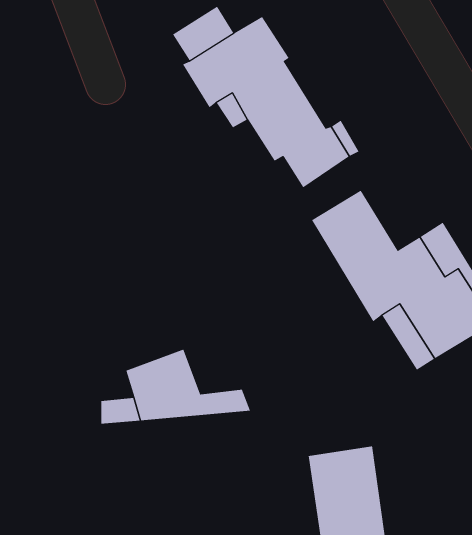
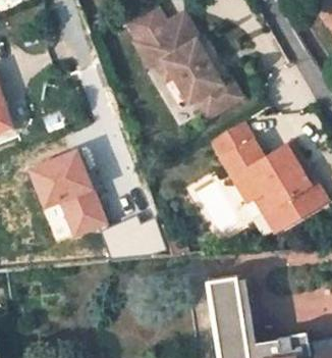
building: none -> [26,146,108,236]

